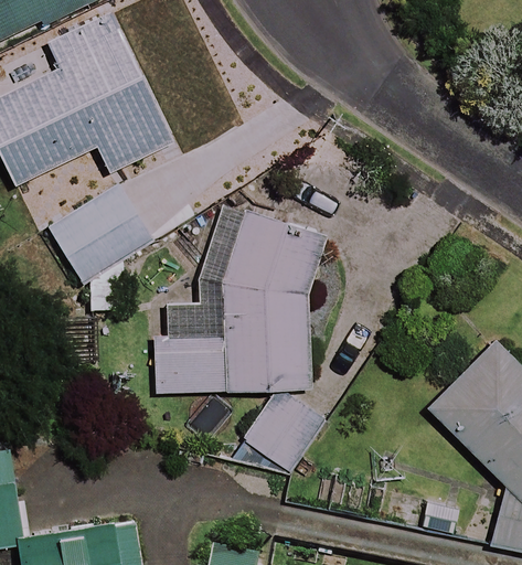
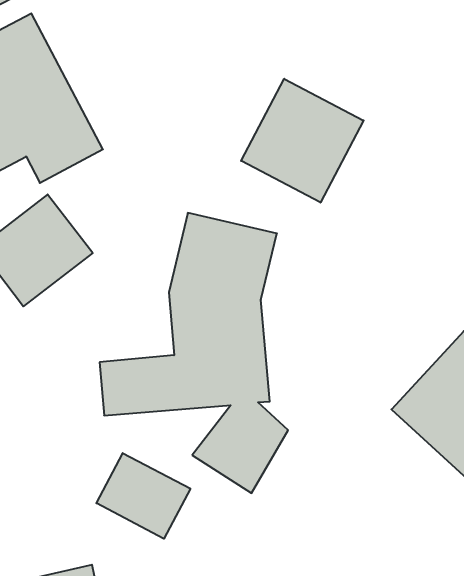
building: none -> [241,79,364,203]
building: none -> [96,453,190,539]

